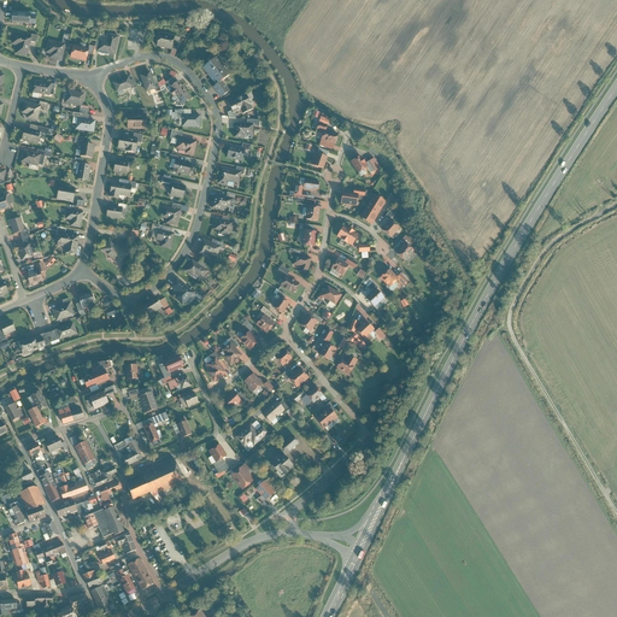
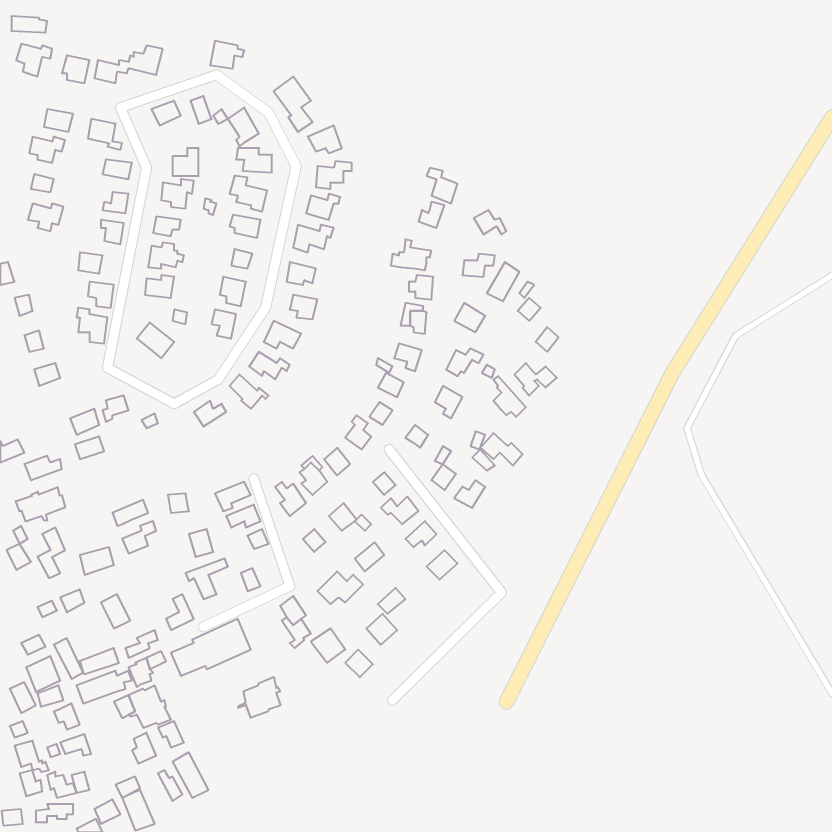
building: none -> [16,487,65,521]
building: none -> [238,677,281,718]

